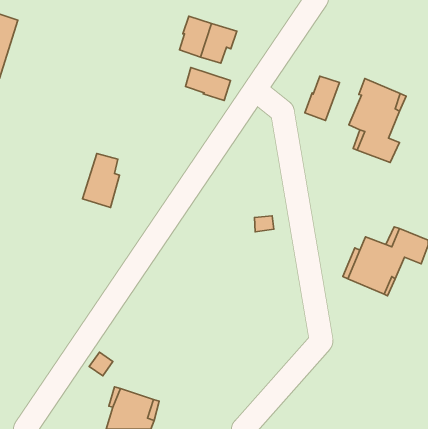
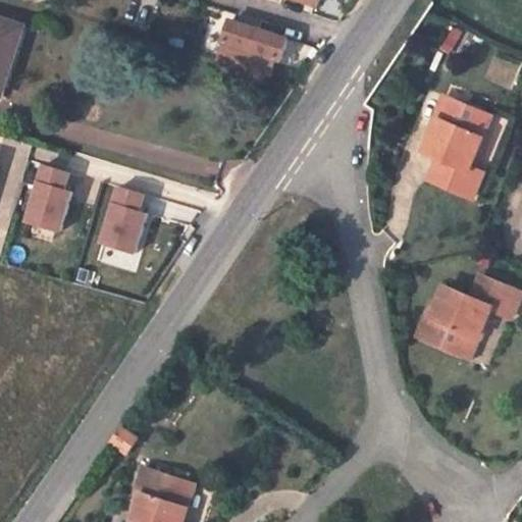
building: [185,68,231,101] -> none
building: [305,76,340,120] -> none
building: none -> [25,163,70,229]

